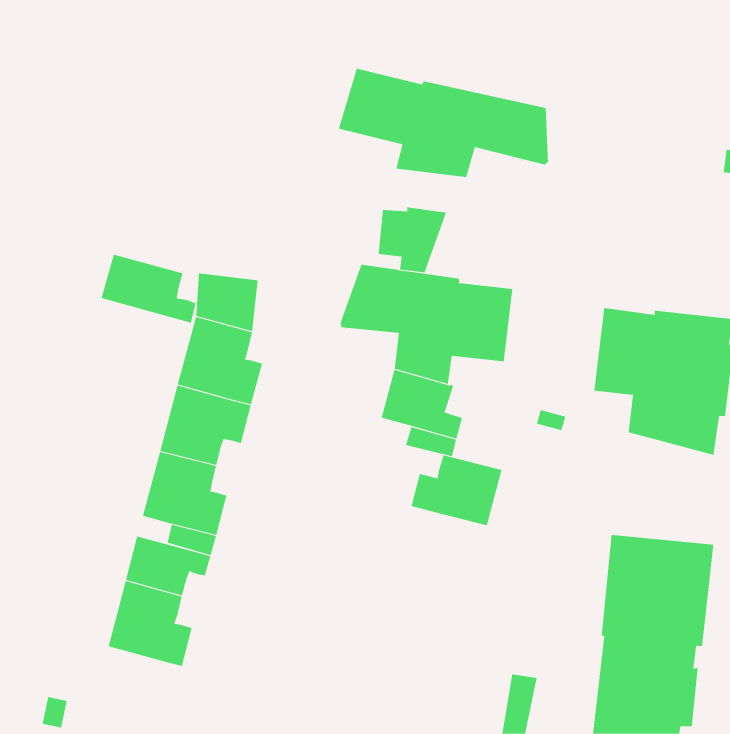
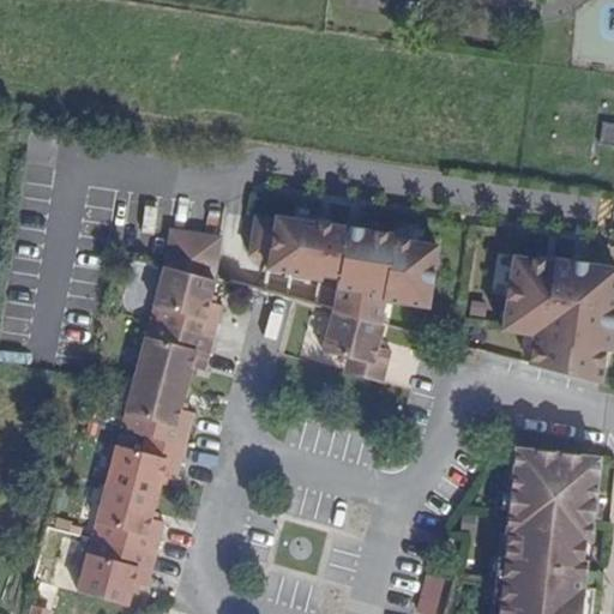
building: [338,68,548,178] -> none
building: [378,207,447,273] -> [247,216,305,271]
building: [101,254,196,323] -> none
building: [411,454,502,526] -> none
building: none -> [79,540,156,607]

